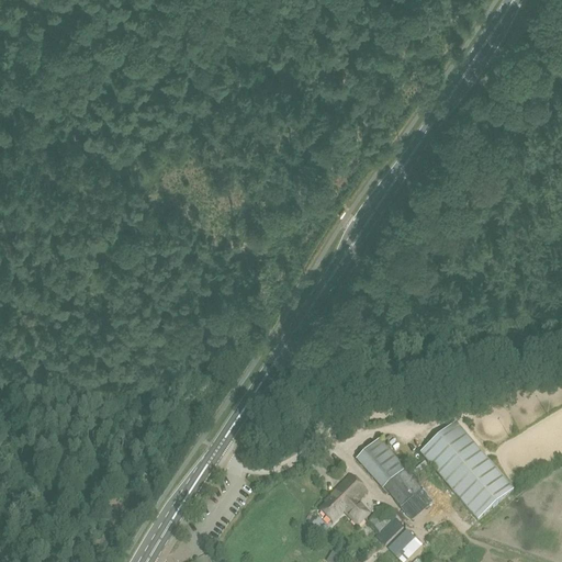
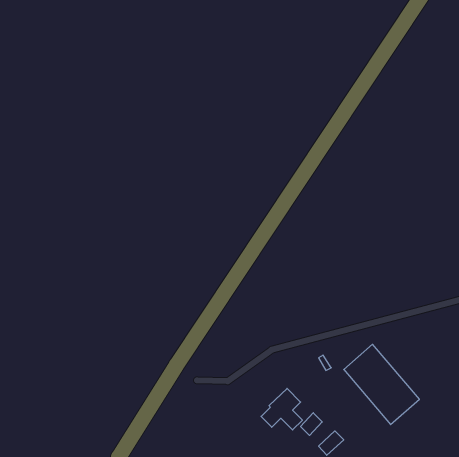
building: [357,437,434,518] -> none

